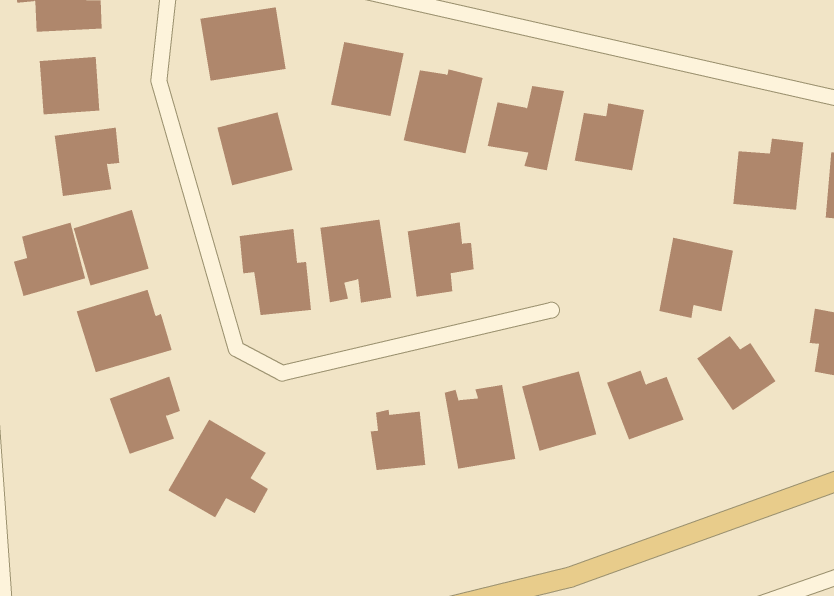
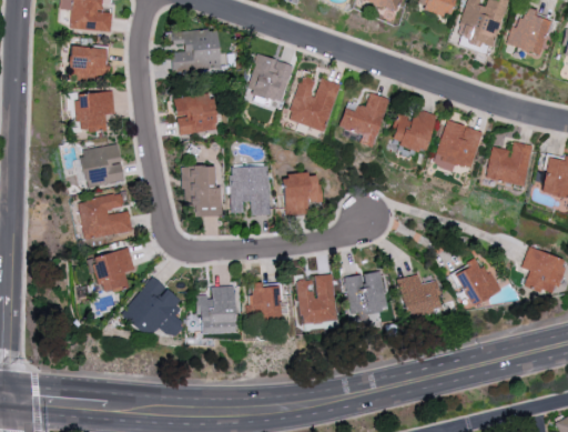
building: [13,222,86,297] -> none
building: [659,237,734,319] -> [433,120,483,171]
building: none -> [199,287,235,334]

